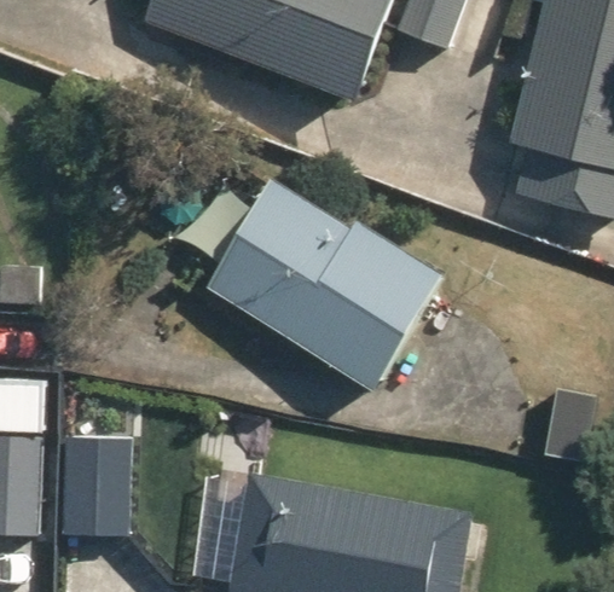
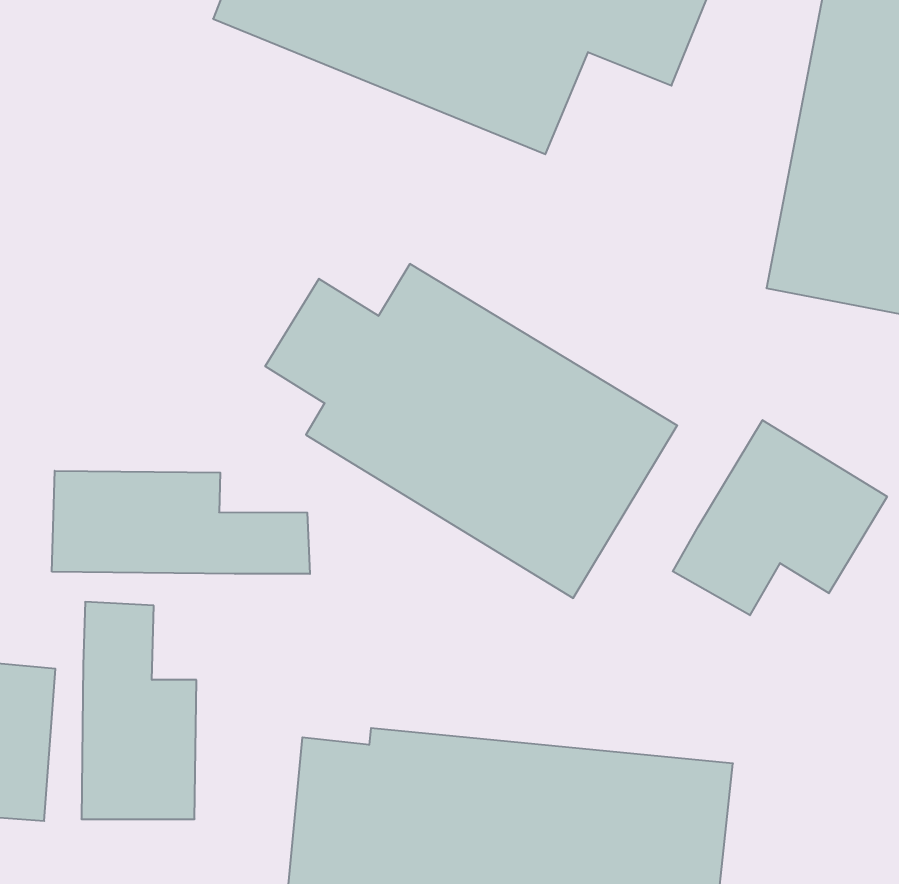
building: none -> [673,420,887,615]
building: none -> [52,471,310,574]

